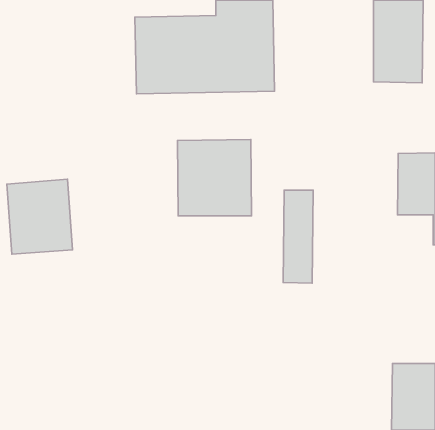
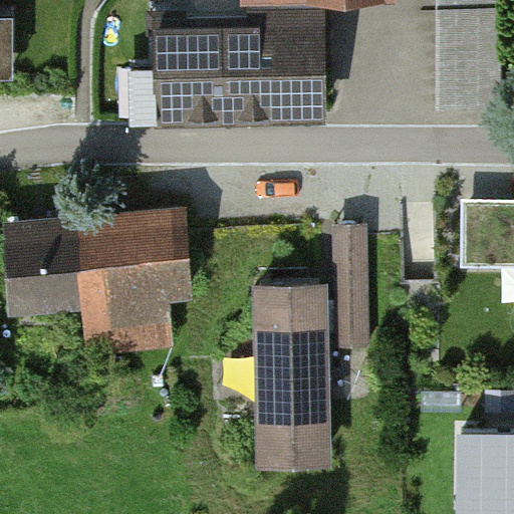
building: [177,140,252,216] -> none
building: none -> [79,210,190,355]
building: none -> [253,287,322,460]

